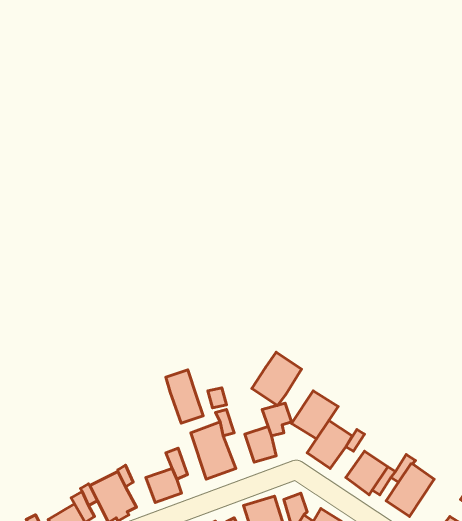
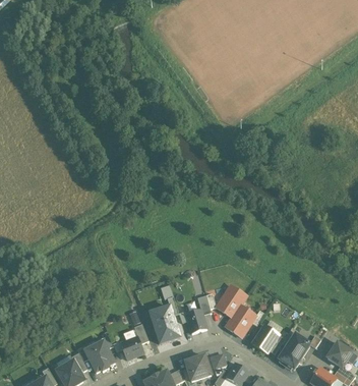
building: [252,352,302,405] -> none
building: [166,370,203,423] -> none

